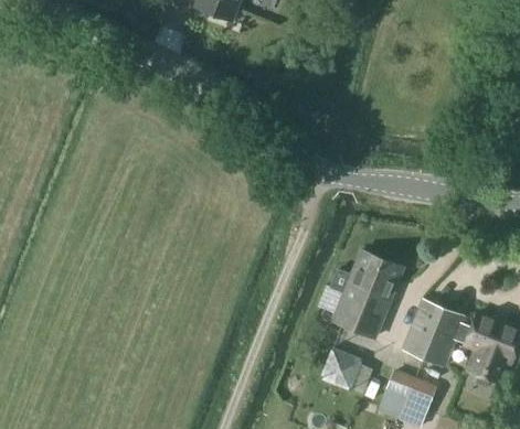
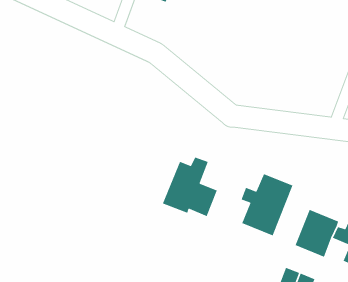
building: none -> [162,157,218,217]
building: [321,346,363,389] -> none

